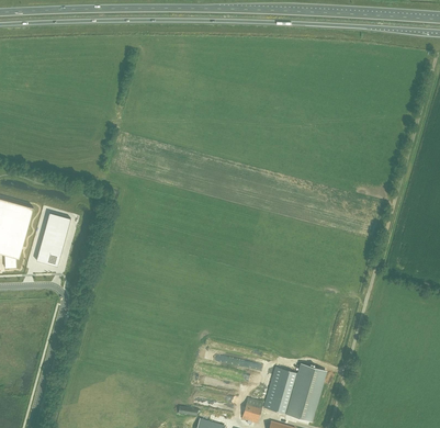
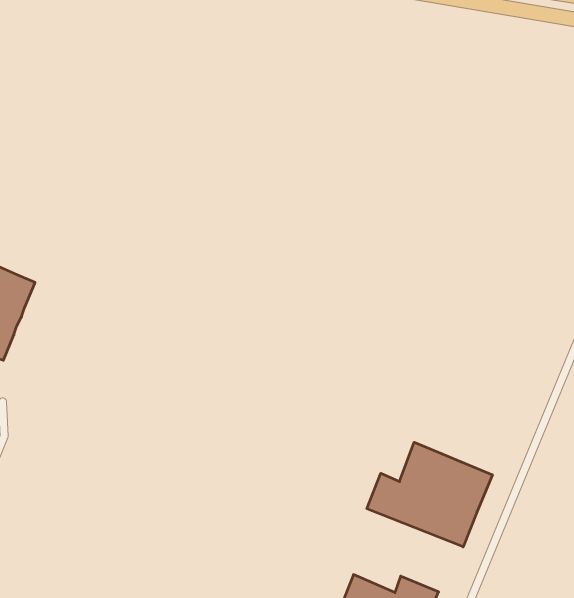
building: none -> [367,442,492,547]

